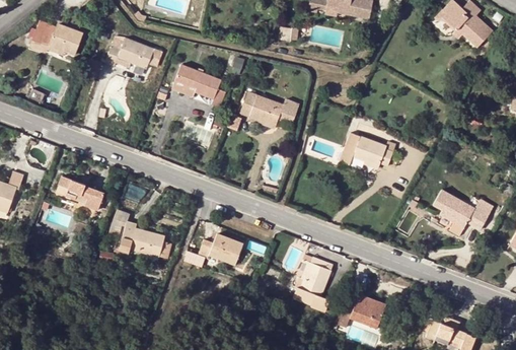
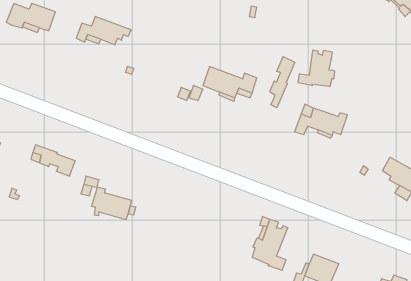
building: [171,65,225,108] -> none
building: none -> [298,50,335,87]
building: none -> [270,57,295,108]
building: [198,233,242,264] -> none

